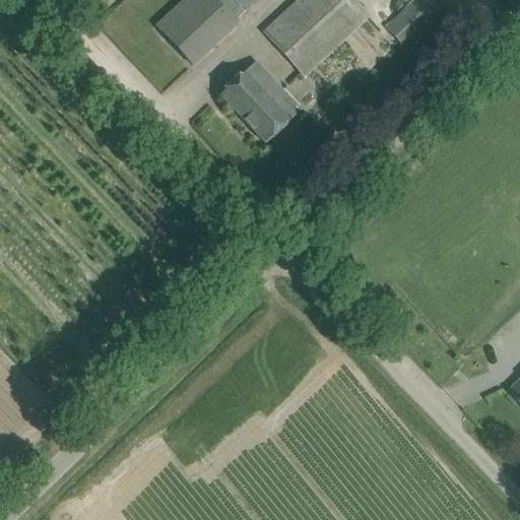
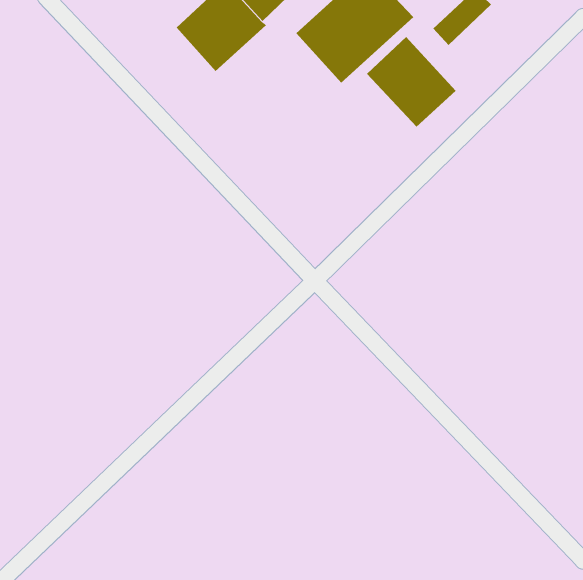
building: [220,60,301,141] -> [366,36,456,127]

